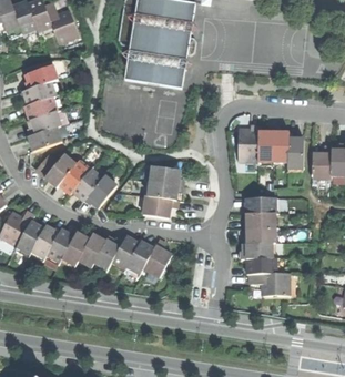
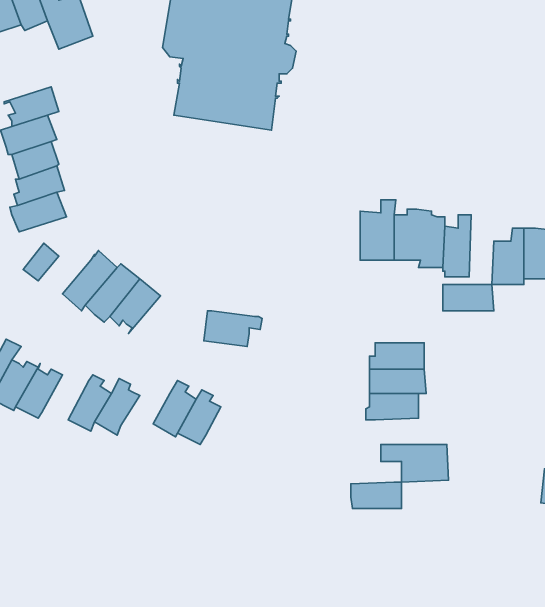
building: [44,154,75,186] -> none
building: [146,164,181,197] -> none
building: [243,197,273,213] -> [443,284,494,311]
building: [47,228,74,262] -> none
building: [93,236,122,269] -> none
building: [143,240,172,277] -> none
building: [243,257,273,273] -> [351,482,402,508]

